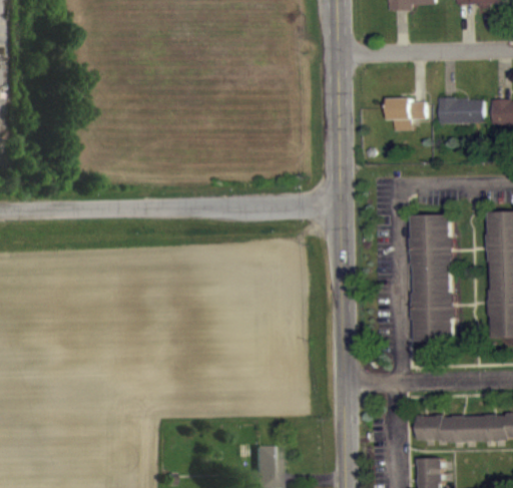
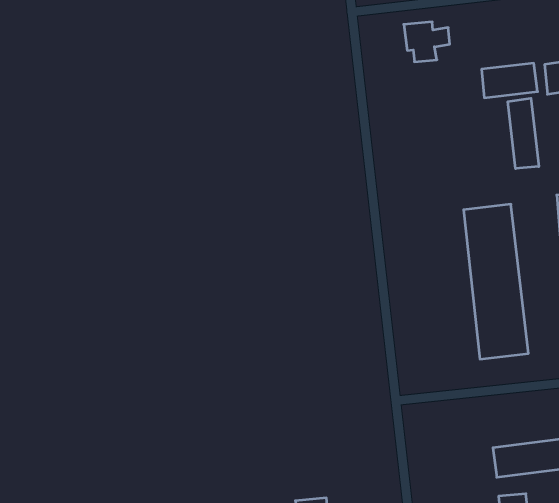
building: [386,98,423,130] -> [404,22,450,62]
building: none -> [508,98,539,169]

